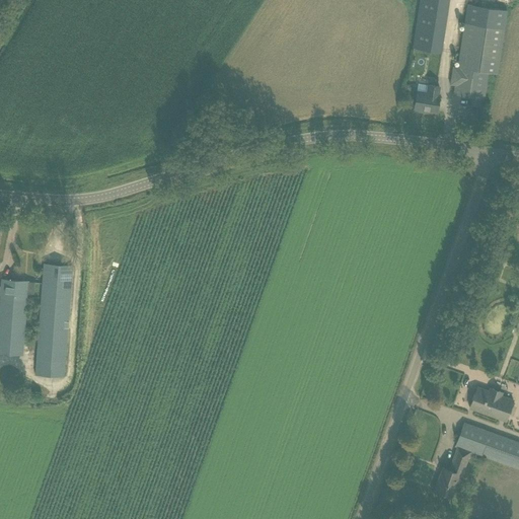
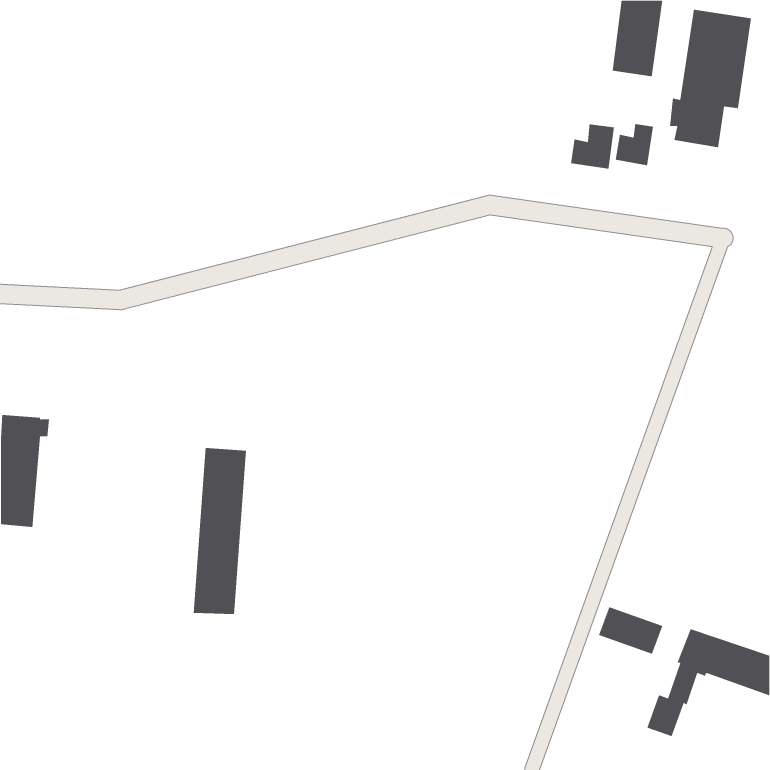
building: none -> [570,124,614,170]
building: [35,264,72,376] -> [193,447,247,615]
building: [469,387,513,420] -> [598,606,663,655]

